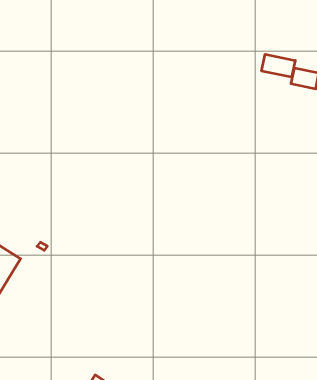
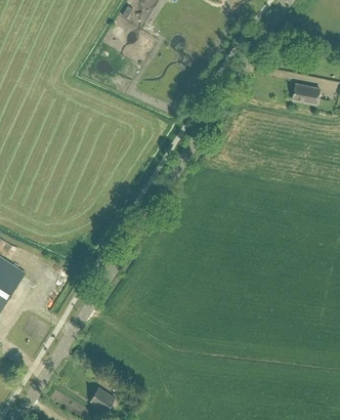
building: [262,54,295,77] -> none

